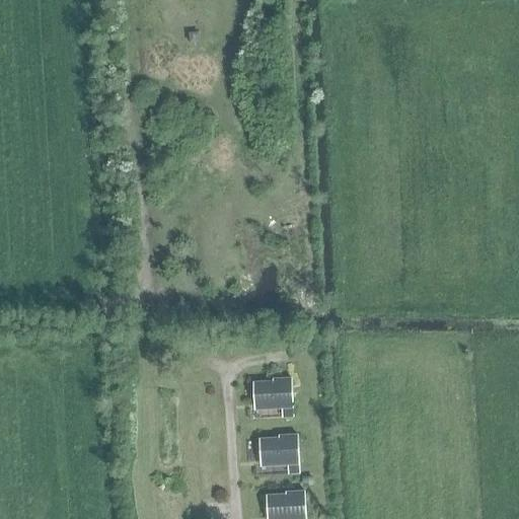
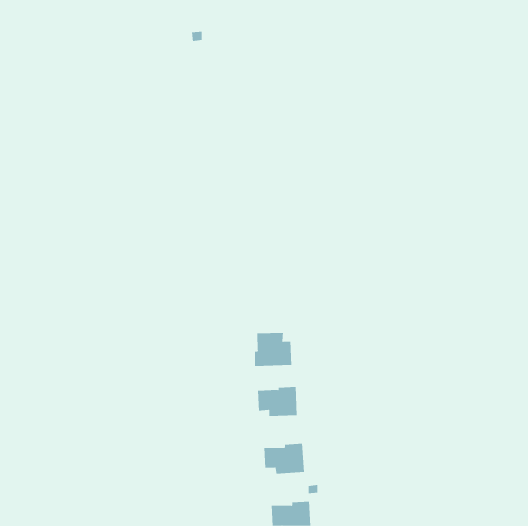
building: none -> [255,332,292,367]

